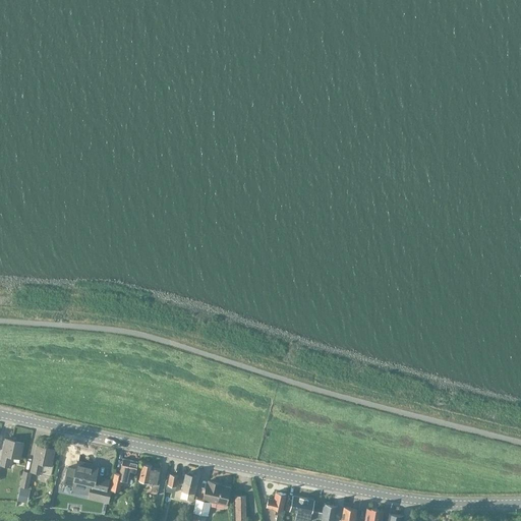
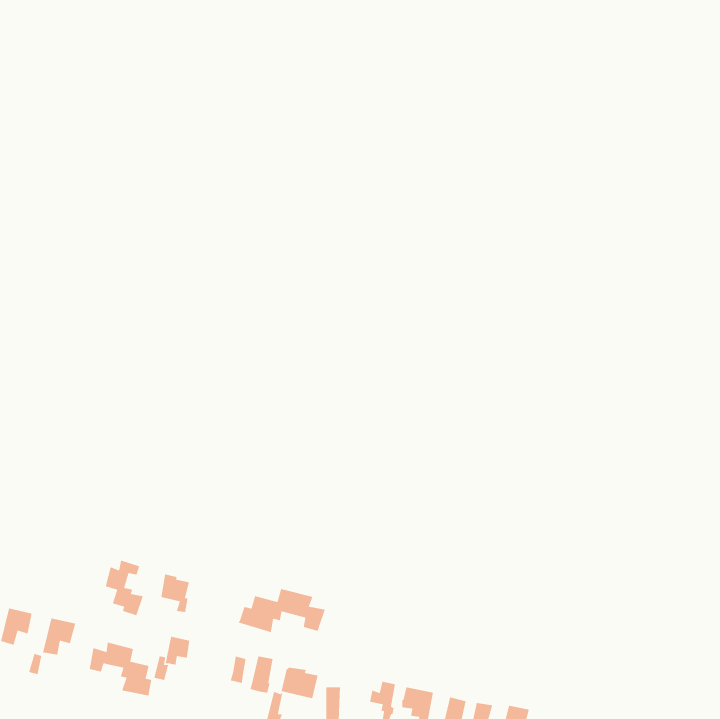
building: none -> [105,559,144,617]
building: none -> [238,588,326,633]
building: [139,464,161,493] -> [160,574,190,613]

